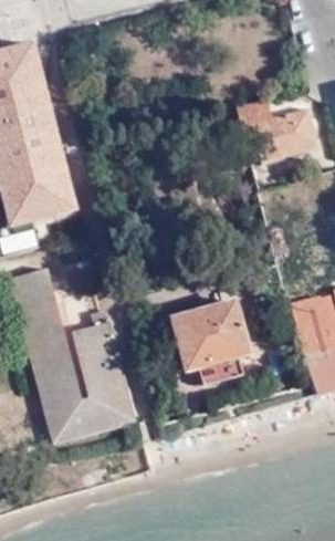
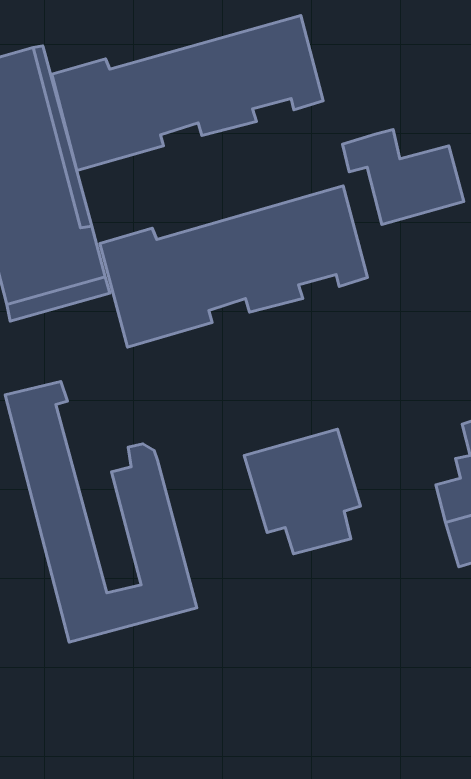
building: none -> [52,16,323,171]
building: none -> [100,186,368,347]
building: [42,281,100,410] -> none

